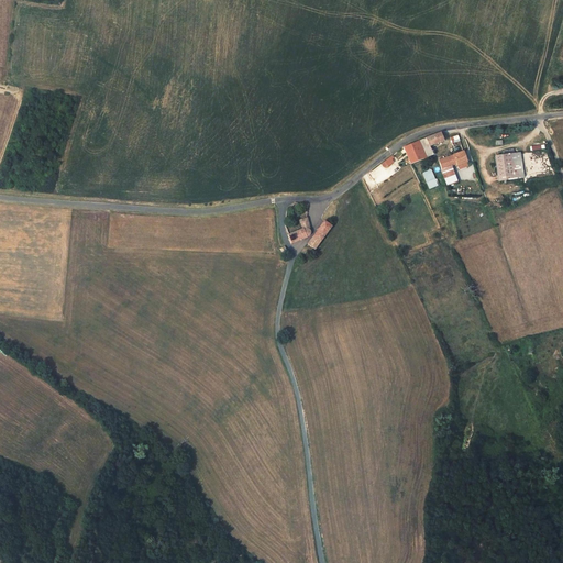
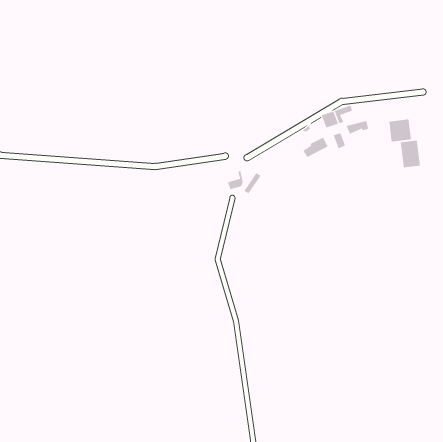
building: none -> [400,140,420,168]

